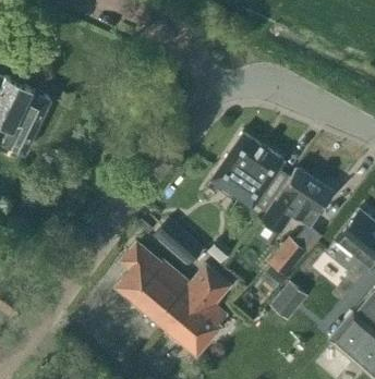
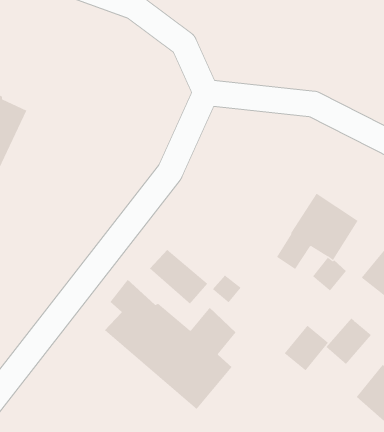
building: [210,133,287,209] -> none
building: [267,236,306,277] -> [326,317,372,365]

